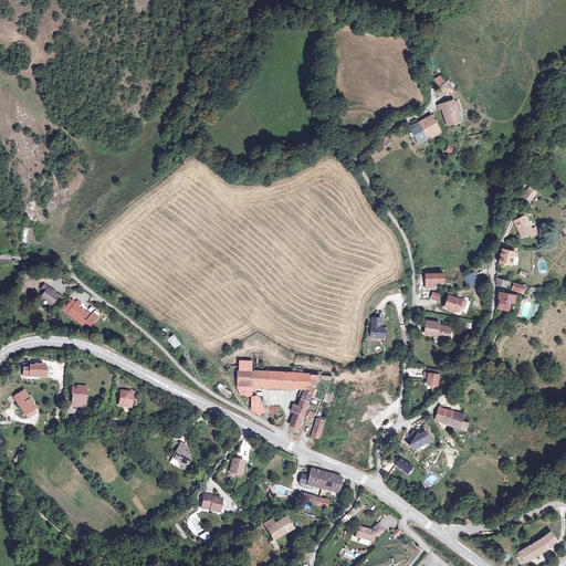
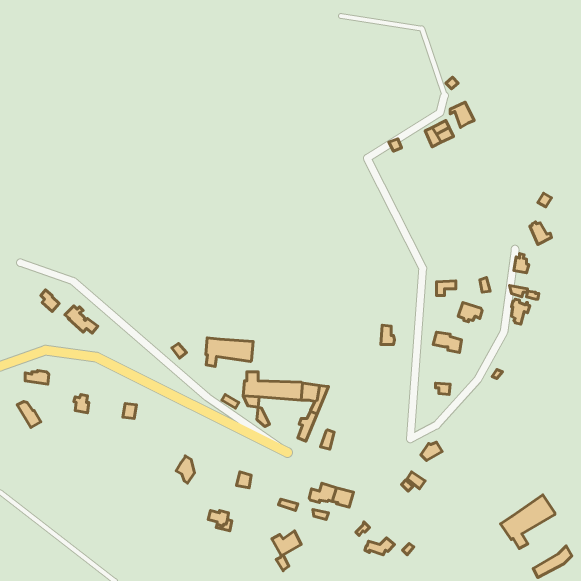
building: none -> [206,338,253,366]
building: [434,408,468,431] -> none
building: none -> [500,495,555,549]

